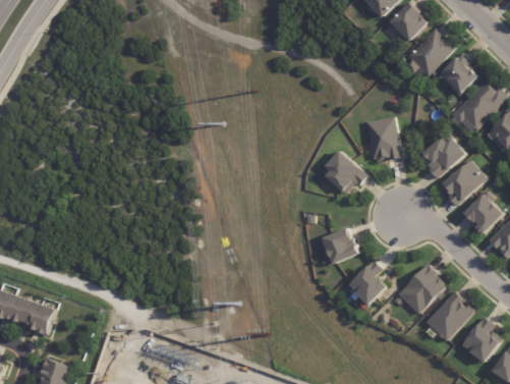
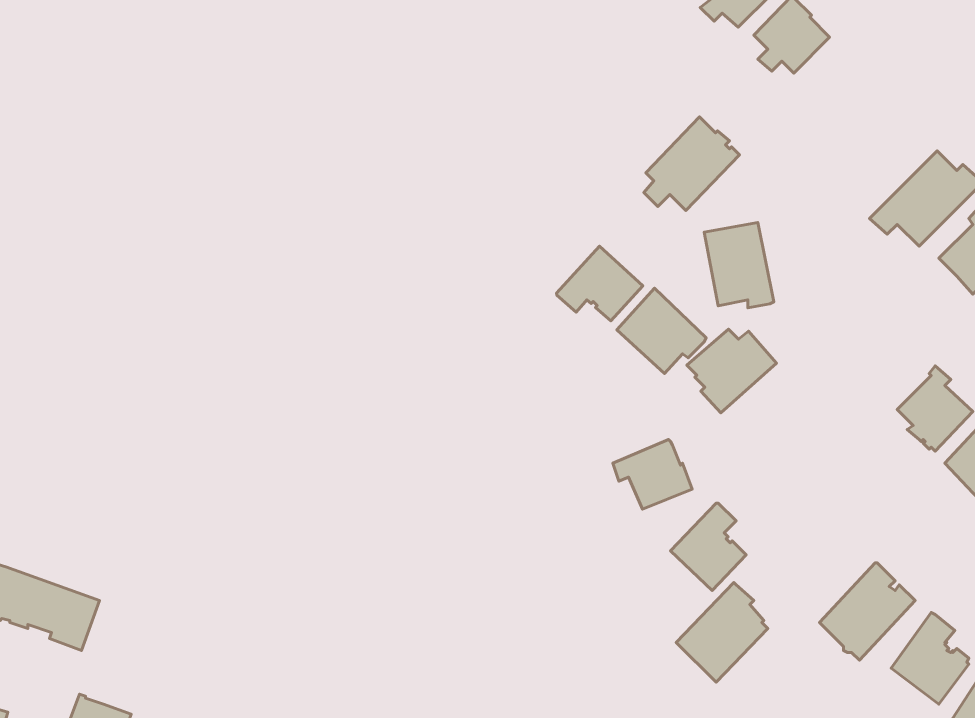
building: [405,26,454,74] -> [644,117,739,211]
building: [439,52,478,96] -> none
building: none -> [557,246,643,321]
building: [420,135,466,178] -> [687,329,776,413]
building: [440,160,487,206] -> none
building: [397,263,444,314] -> [676,583,768,682]

